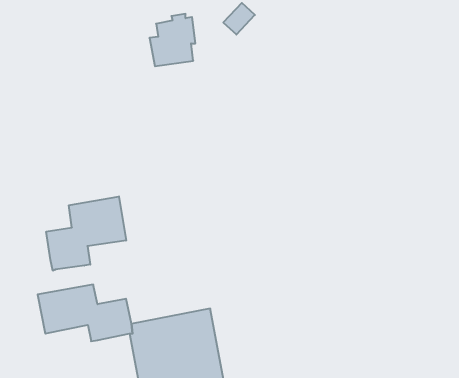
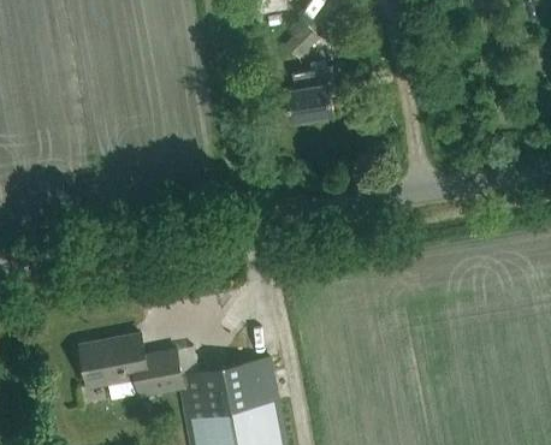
building: [149,14,195,66] -> [284,64,334,121]
building: [46,196,126,271] -> none

